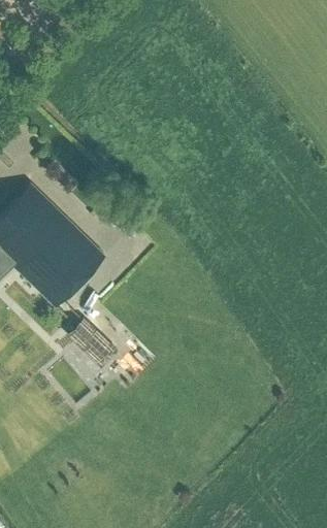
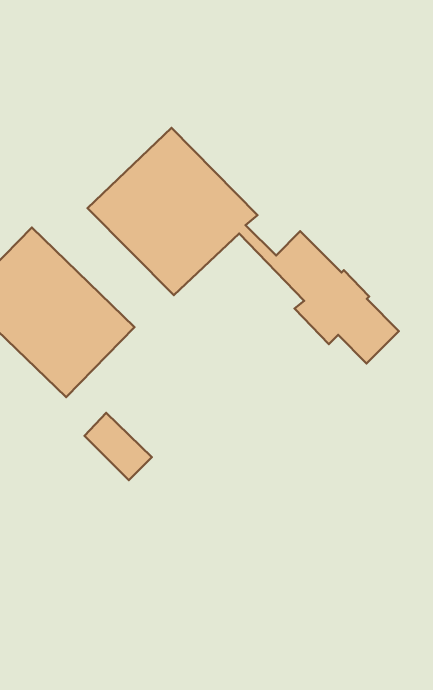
building: none -> [88,128,399,363]

